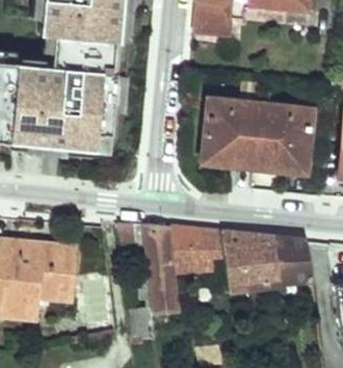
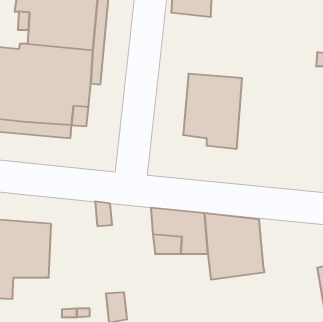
building: [255,100,313,169] -> none
building: [142,222,175,314] -> none
building: [276,237,312,283] -> none

